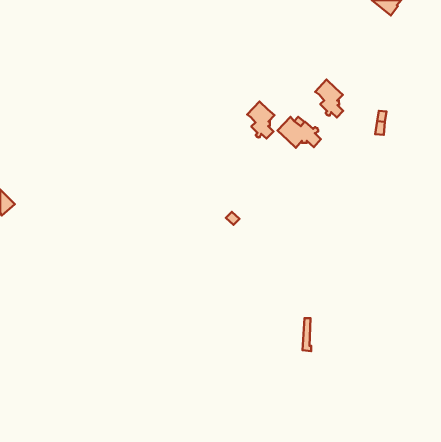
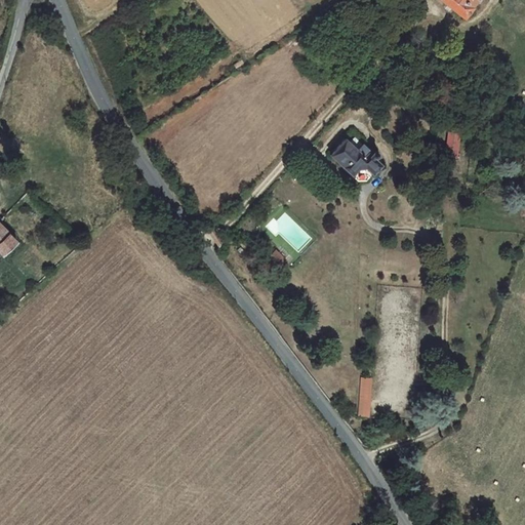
building: [315,80,343,117] -> none
building: [247,101,275,139] -> none

